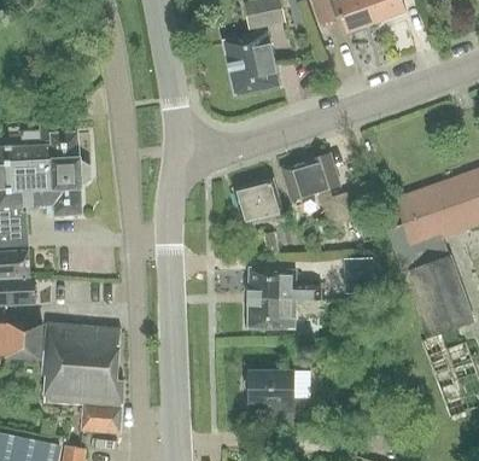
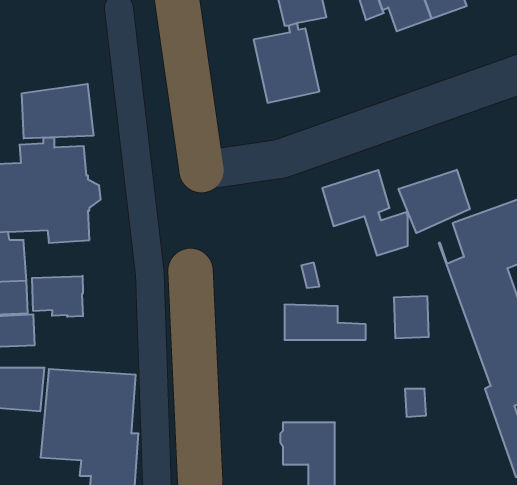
building: none -> [22,84,93,139]
building: none -> [399,170,470,233]
building: [233,177,282,224] -> none
building: none -> [32,276,83,317]
building: [247,298,319,327] -> none

